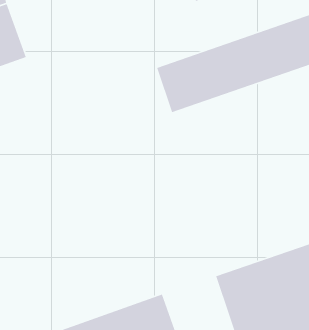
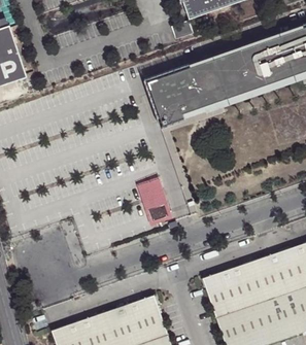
building: none -> [139,179,168,225]

